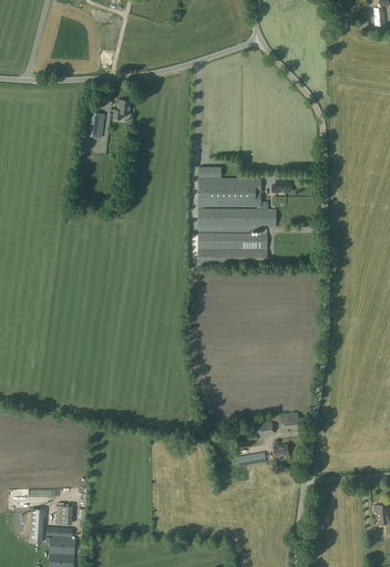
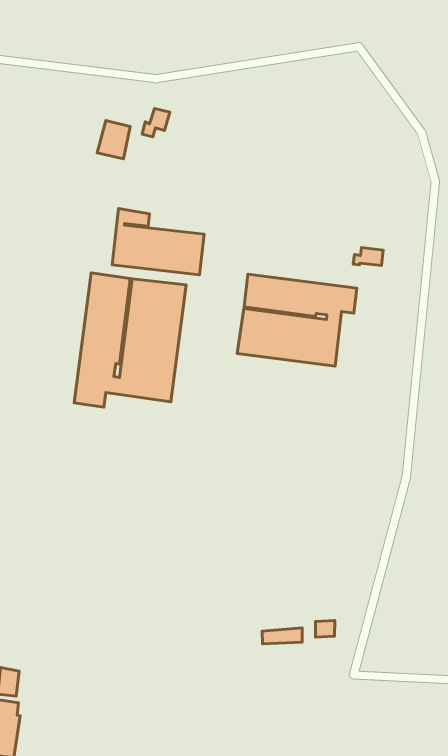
building: [198,166,260,206] -> [112,209,204,275]
building: none -> [74,273,186,407]

